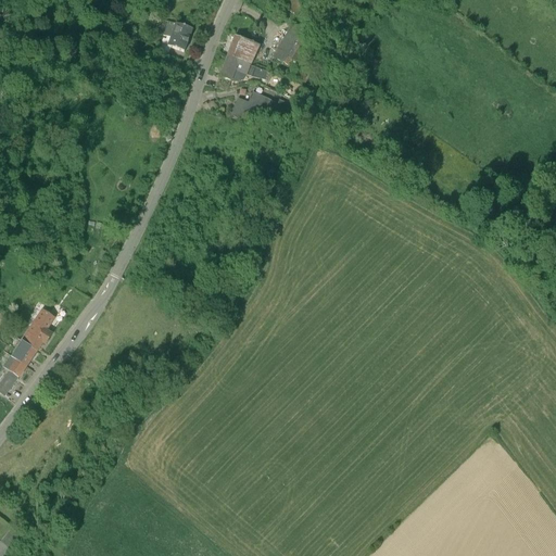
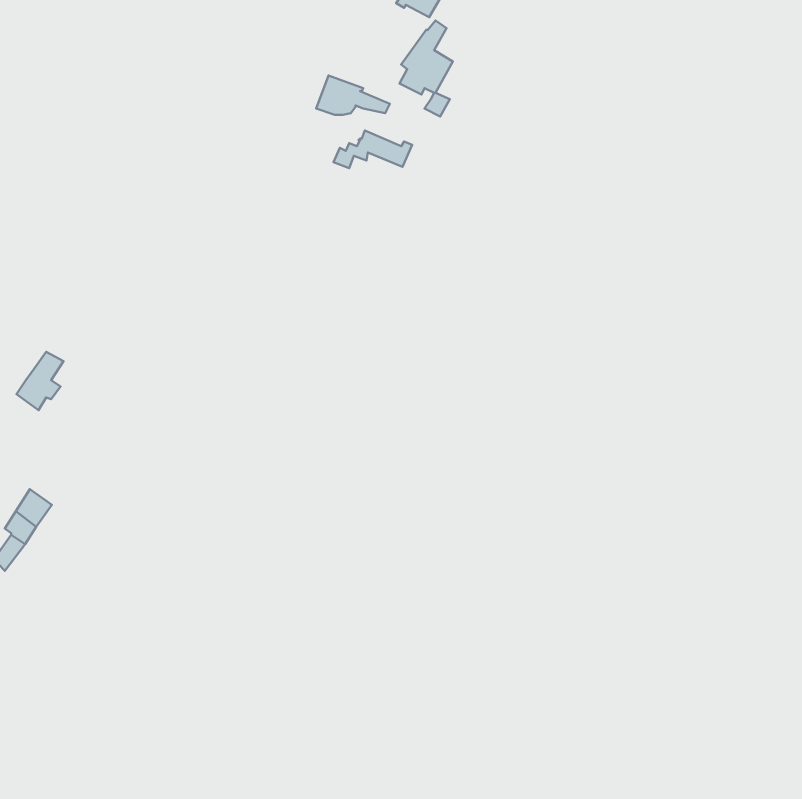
building: [163,20,191,50] -> none
building: [227,34,258,61] -> none
building: [21,308,53,349] -> [16,352,64,410]

